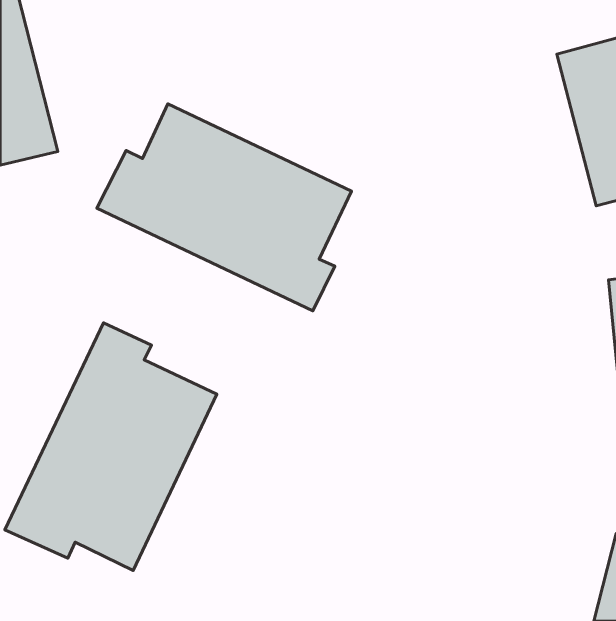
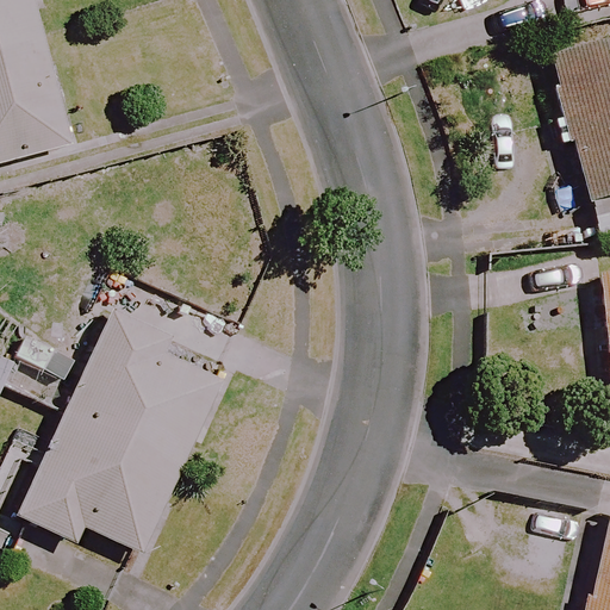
building: [97,104,352,311] -> none

